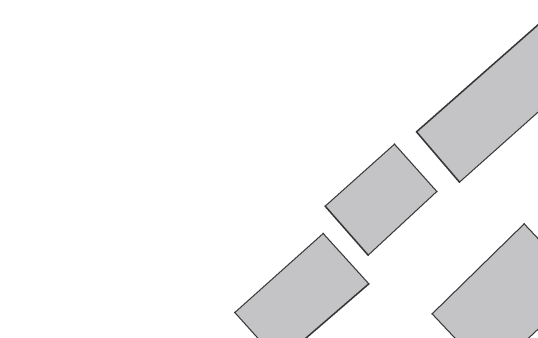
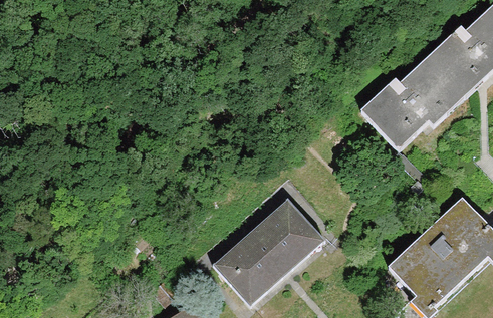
building: [325,144,437,255] -> none

